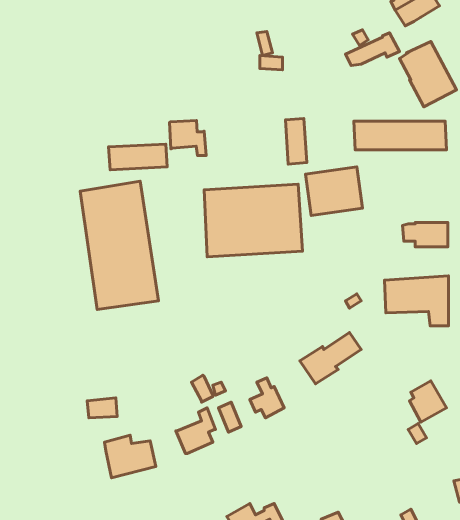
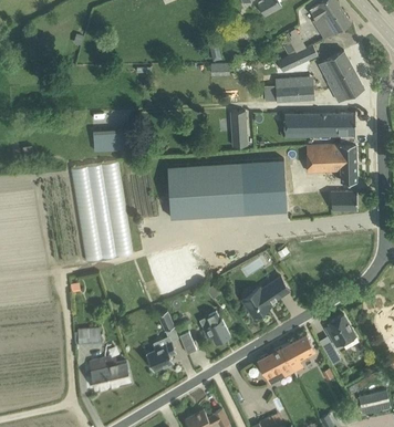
building: none -> [262,81,315,104]
building: [169,120,206,156] -> none
building: none -> [260,198,289,216]
building: [384,276,449,326] -> [305,144,355,183]
building: none -> [257,335,314,378]

